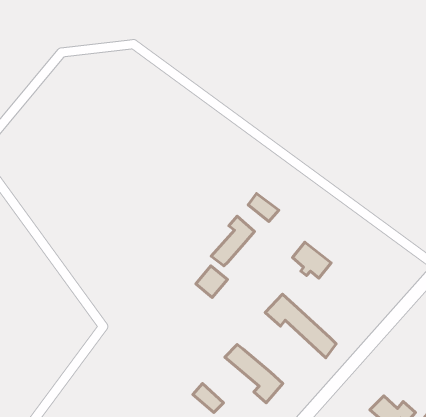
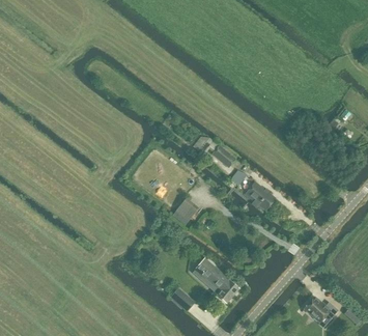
building: [211,216,255,266] -> none
building: [265,294,336,358] -> none

